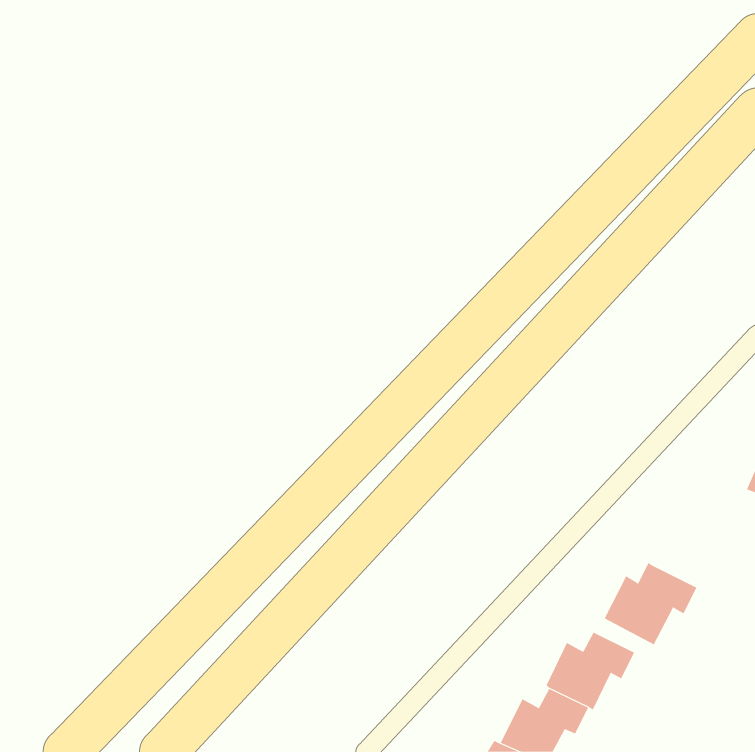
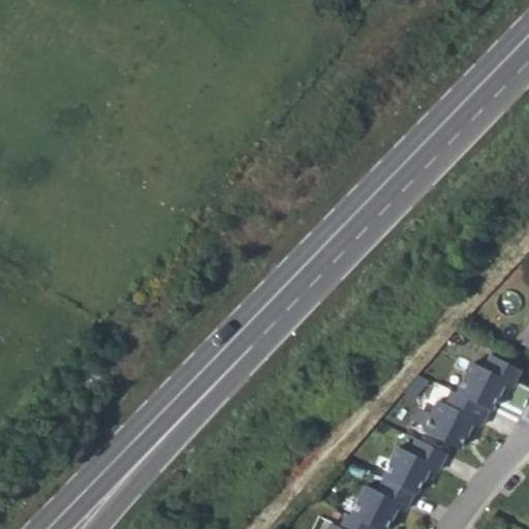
building: none -> [457,355,520,410]

